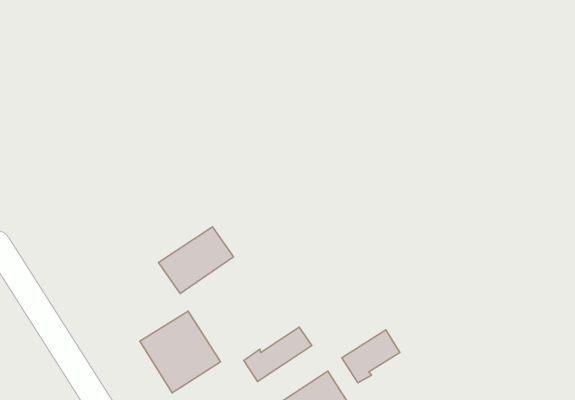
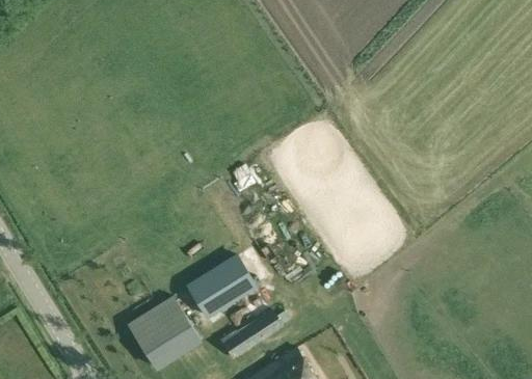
building: [158,227,233,294] -> [184,252,251,313]
building: [342,330,400,383] -> none

